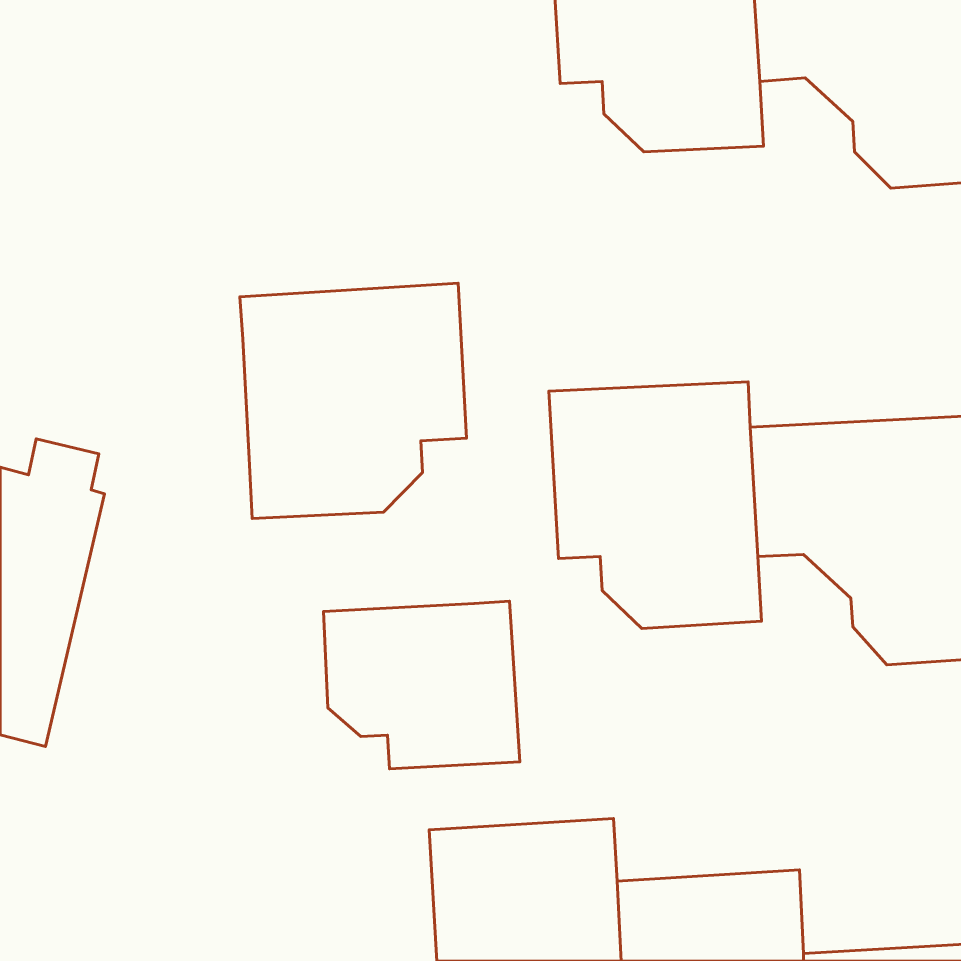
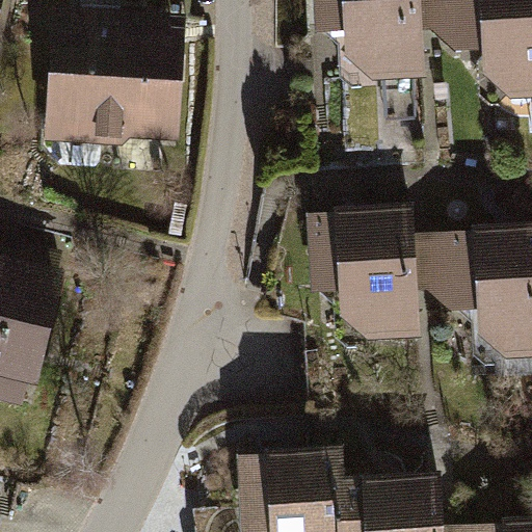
building: none -> [47,7,188,139]
building: [240,283,466,518] -> none
building: [323,601,520,769] -> none

